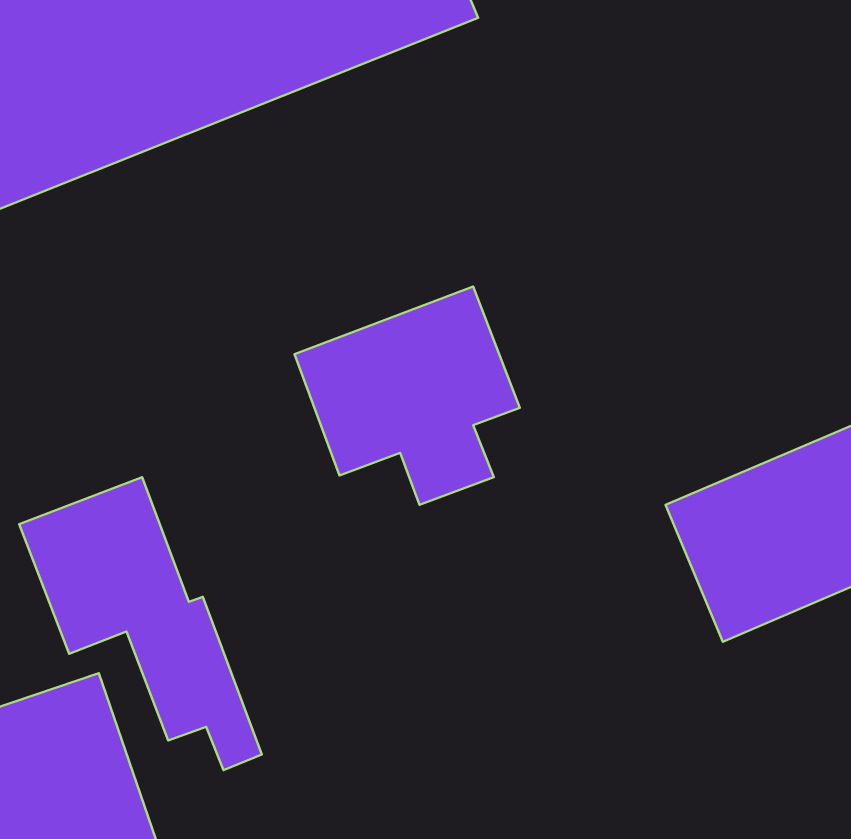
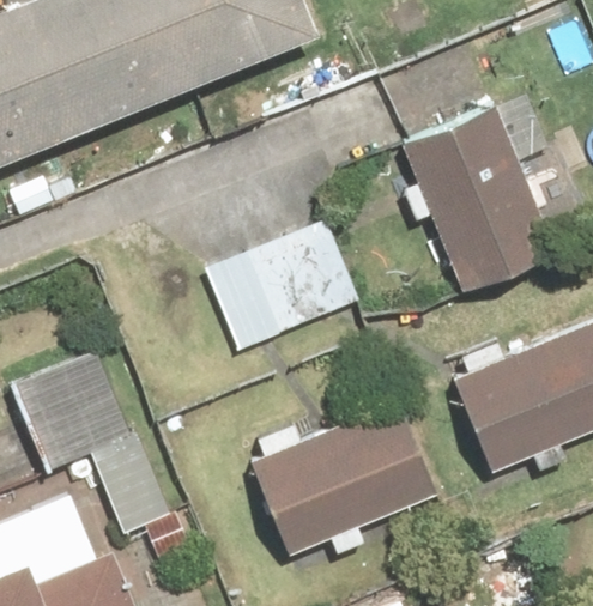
building: none -> [394,87,579,292]
building: none -> [237,392,440,549]

